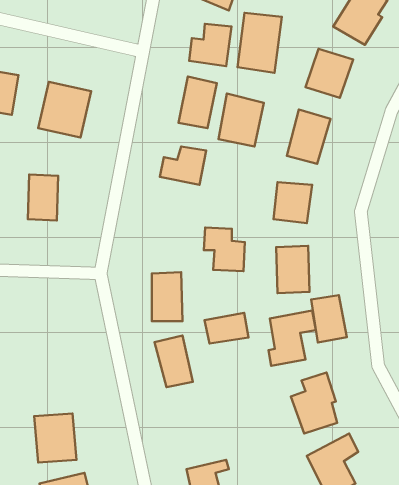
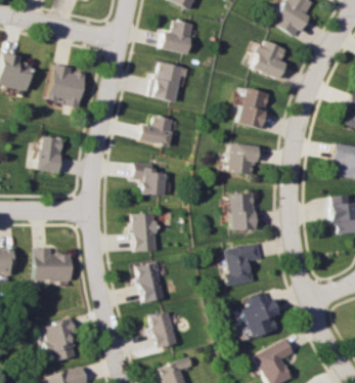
building: [238,13,282,73] -> none
building: [218,94,264,146] -> none
building: [204,228,245,271] -> [135,162,167,196]
building: [311,295,347,342] -> none
building: [205,313,249,343] -> none
building: none -> [32,250,70,282]
building: none -> [149,311,178,348]

